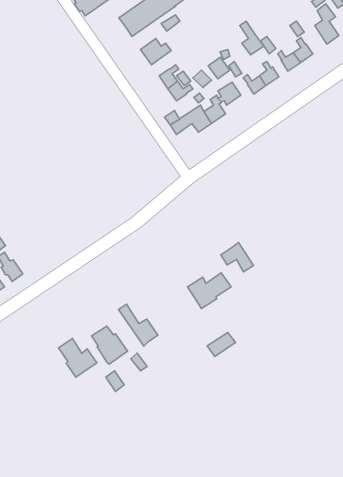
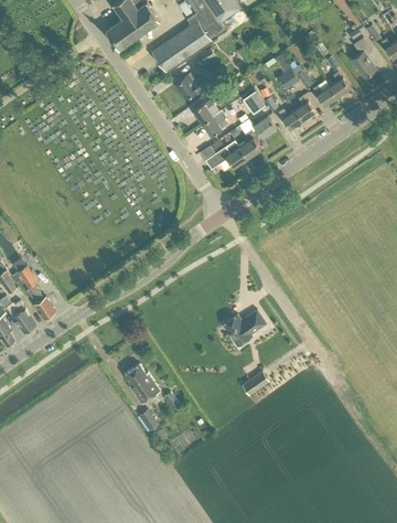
building: [221,243,253,272] -> none
building: [118,304,158,346] -> none
building: [58,339,97,377] -> none

